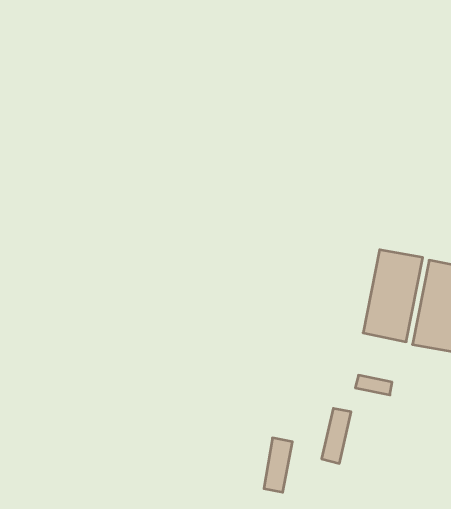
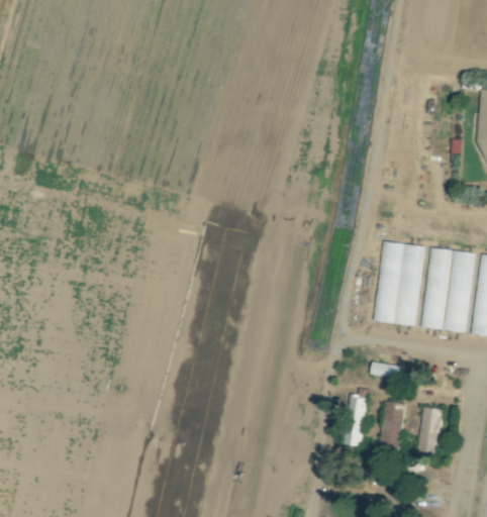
building: none -> [418,407,443,455]
building: [264,438,292,492] -> [381,401,404,451]

